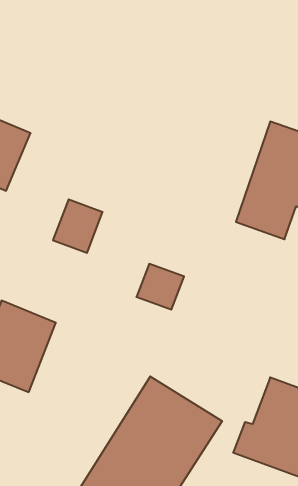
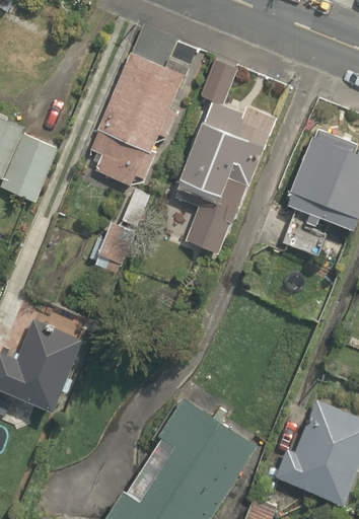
building: none -> [80,53,186,192]
building: none -> [176,57,277,212]
building: [136,264,184,310] -> [185,209,234,256]

